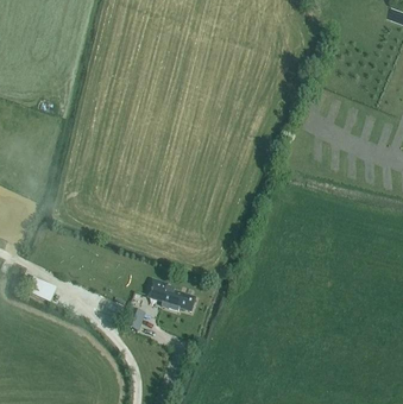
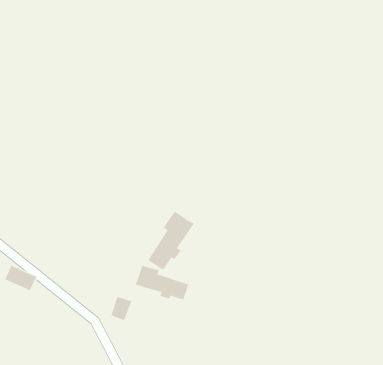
building: none -> [147,211,194,270]

